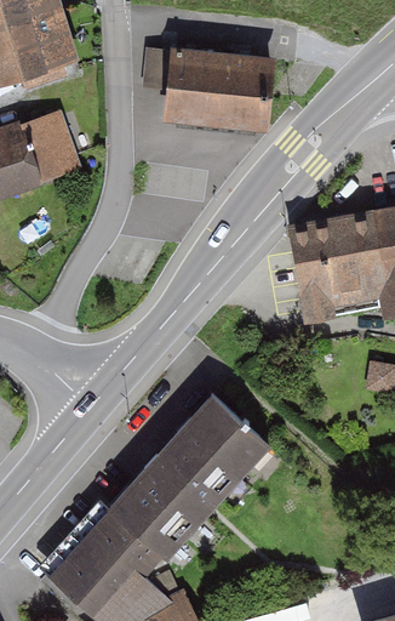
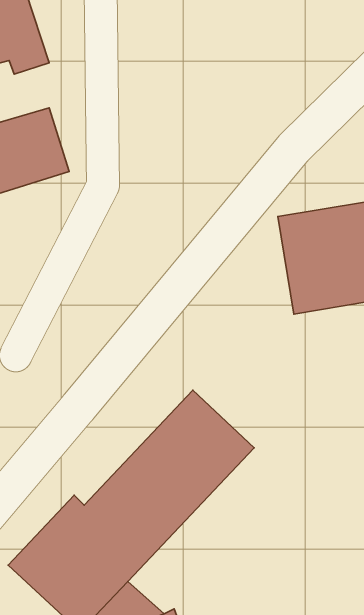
building: [160,49,267,130] -> none

